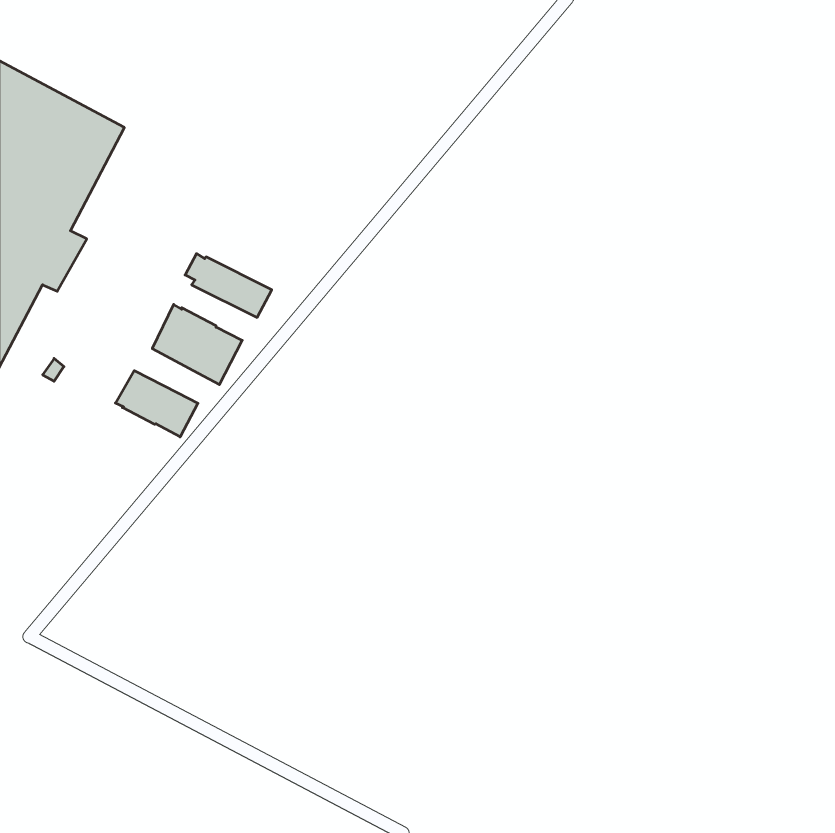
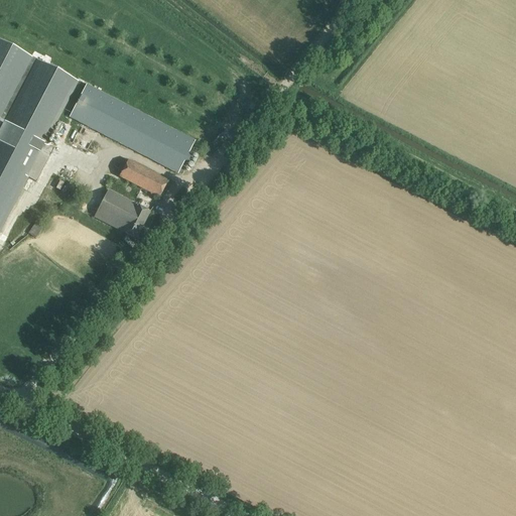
building: none -> [69,82,194,171]
building: [115,371,198,437] -> none

